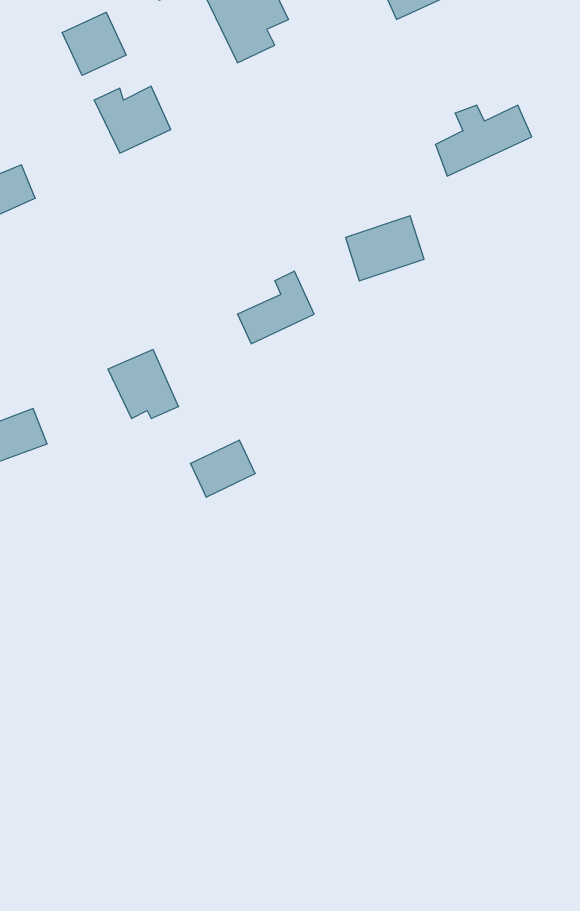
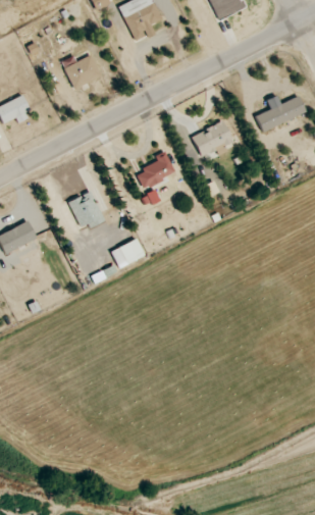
building: [62,12,126,75] -> none
building: [435,105,532,176] -> [256,96,306,133]

